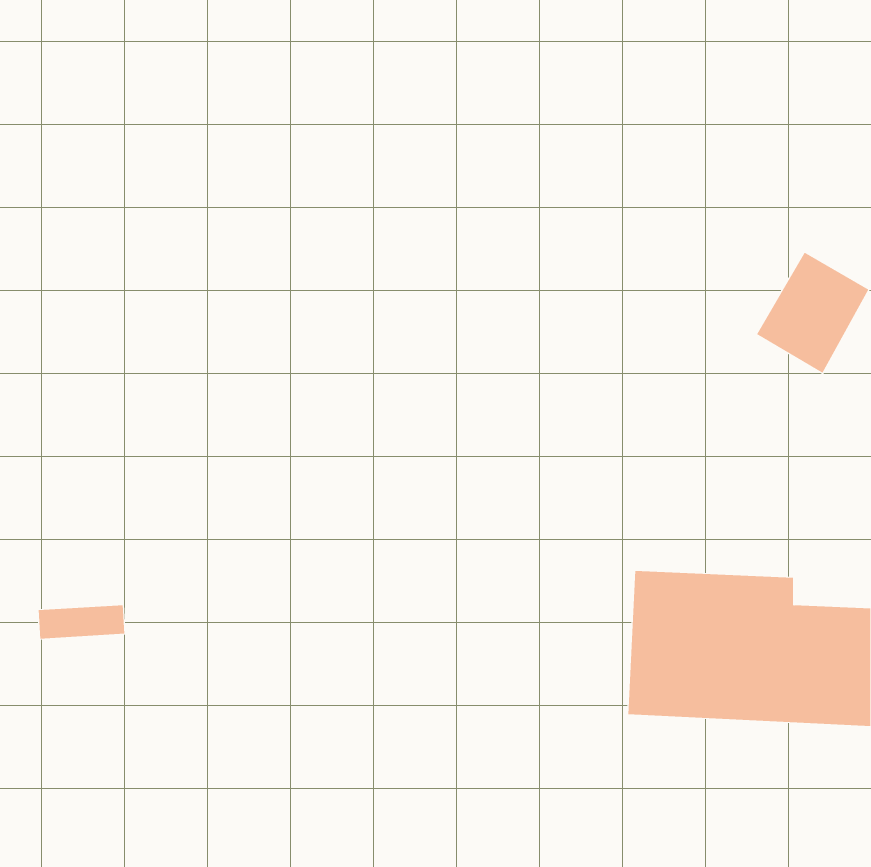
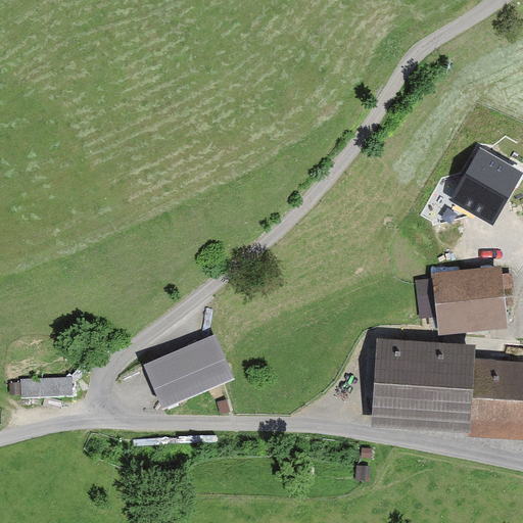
building: none -> [433,267,507,328]
building: none -> [144,335,232,409]

